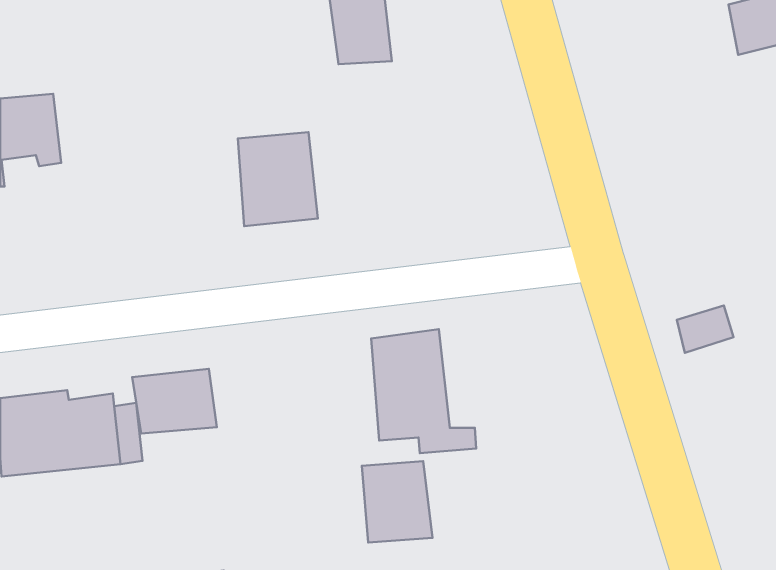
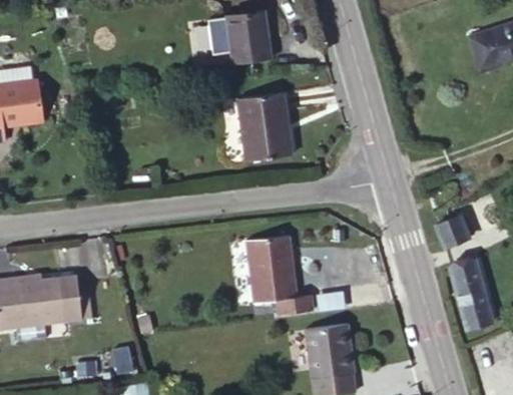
building: [238,132,318,226] -> [237,96,289,156]
building: [132,369,217,433] -> none
building: none -> [456,274,494,336]
building: [362,461,432,543] -> [310,329,355,381]

